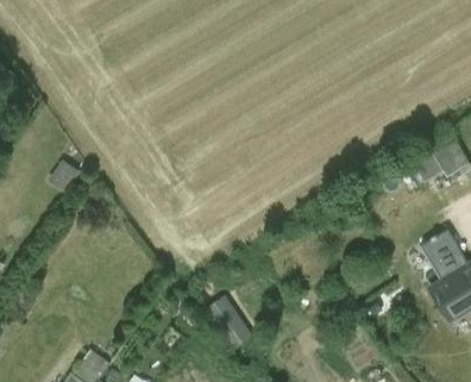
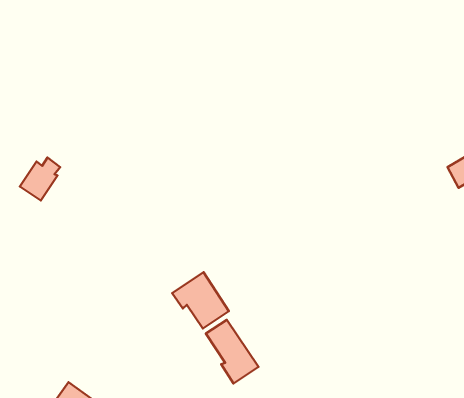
building: none -> [172,272,229,329]

